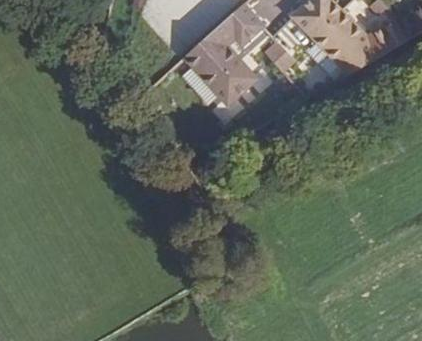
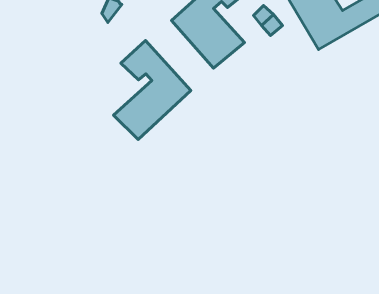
building: none -> [114,41,191,140]

